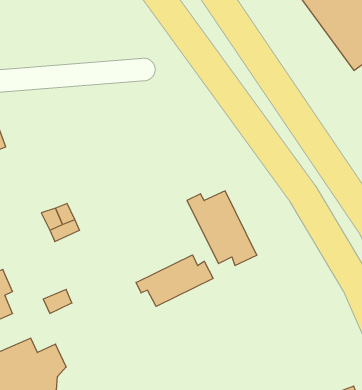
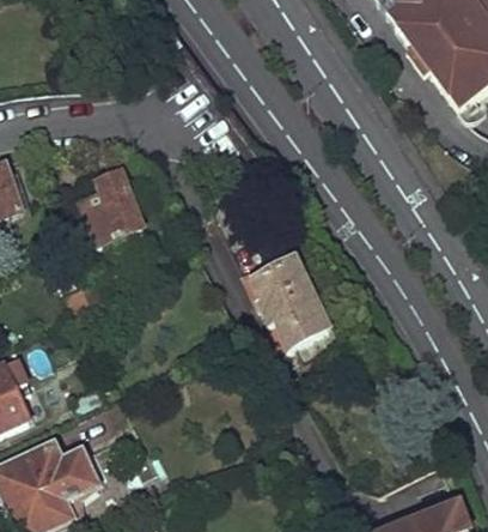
building: none -> [80,167,144,241]
building: [136,255,213,306] -> none

